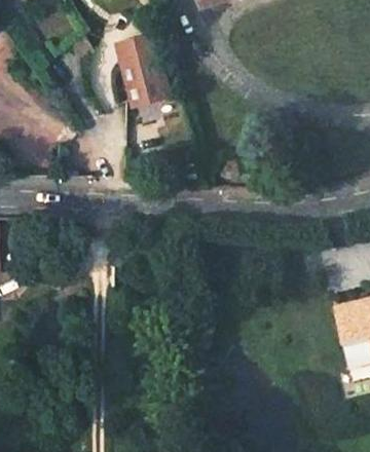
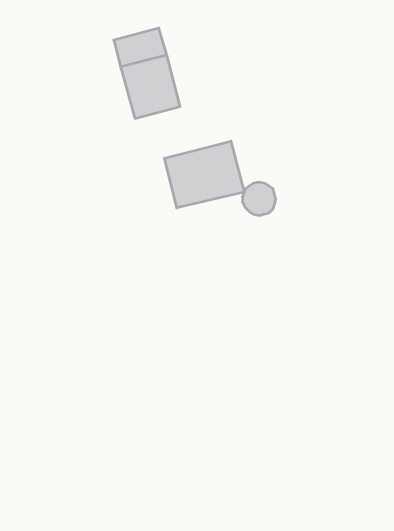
building: none -> [164,141,244,208]

